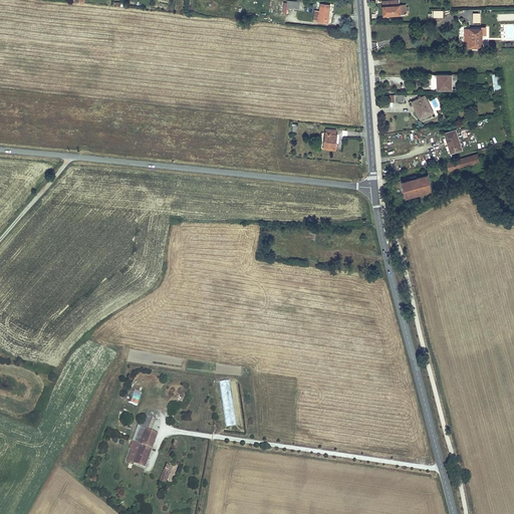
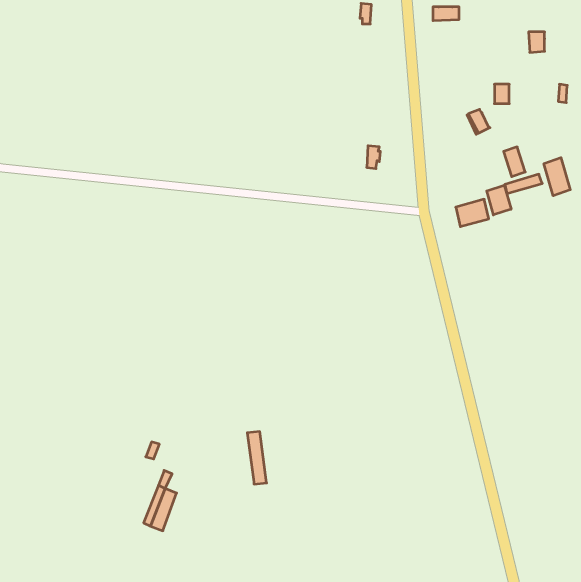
building: none -> [544,158,570,196]
building: none -> [487,185,511,215]

